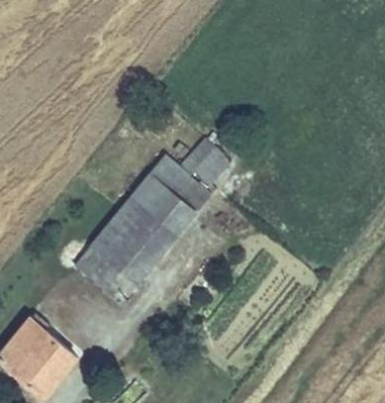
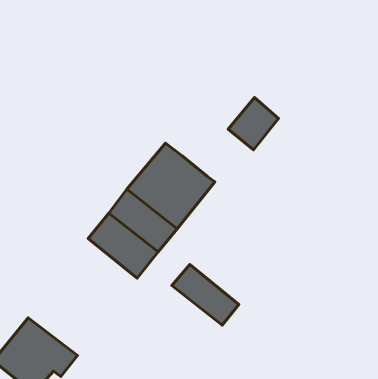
building: [182,134,230,185] -> [228,98,278,150]
building: [74,244,138,303] -> [172,265,239,325]

